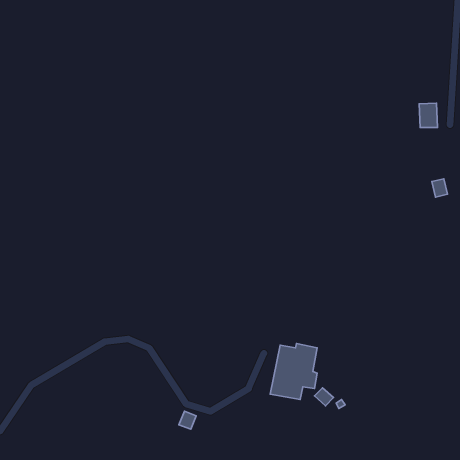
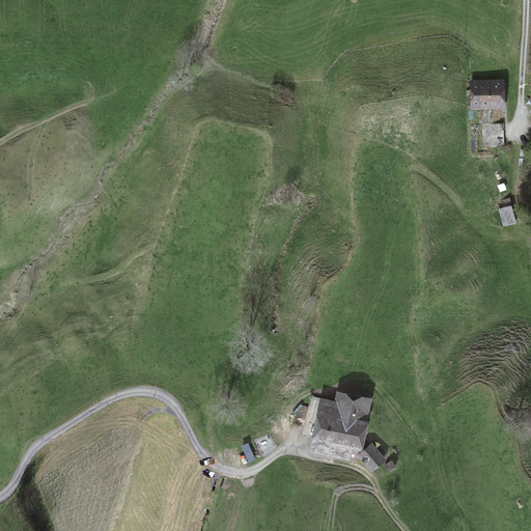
building: none -> [472,80,503,107]

